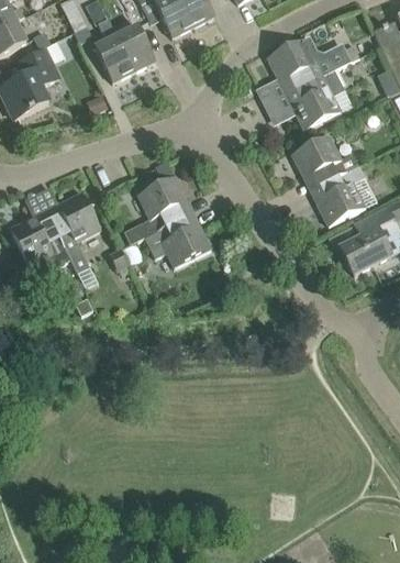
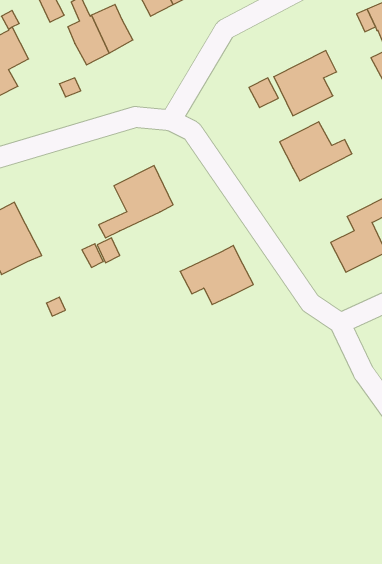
building: [267,37,351,92] -> none
building: [310,164,377,224] -> none
building: [45,191,100,272] -> none
building: [143,211,211,266] -> [180,245,253,305]

